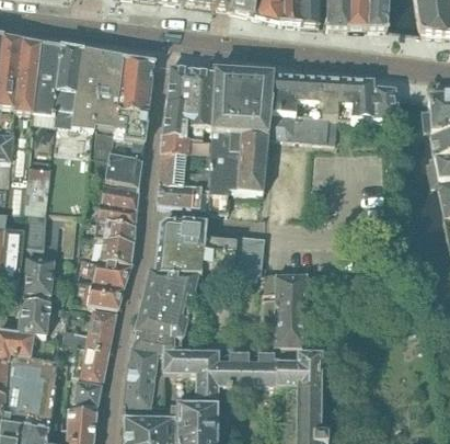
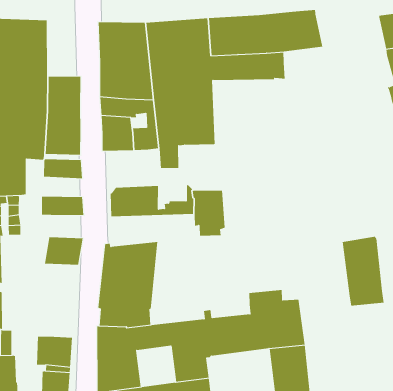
building: [117,57,152,113] -> none
building: [371,84,399,115] -> none
building: [157,184,200,207] -> none
building: [96,201,137,224] -> none
building: [100,237,134,262] -> none
building: [154,246,234,274] -> none
building: [275,271,308,333] -> [342,236,385,306]
building: [88,281,123,307] -> none
building: [68,308,116,352] -> none

